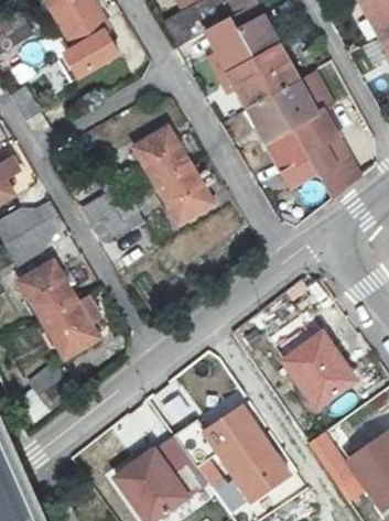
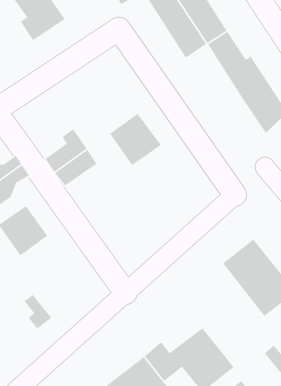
building: [248,93,307,170] -> none
building: [132,126,190,185] -> none
building: [45,295,102,355] -> none

